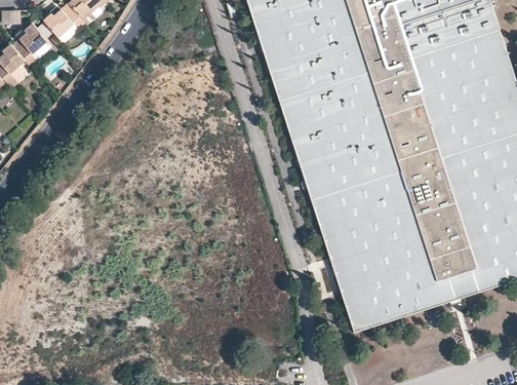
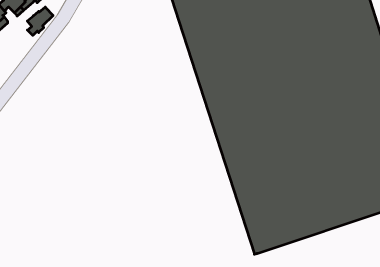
building: none -> [27,7,53,35]

